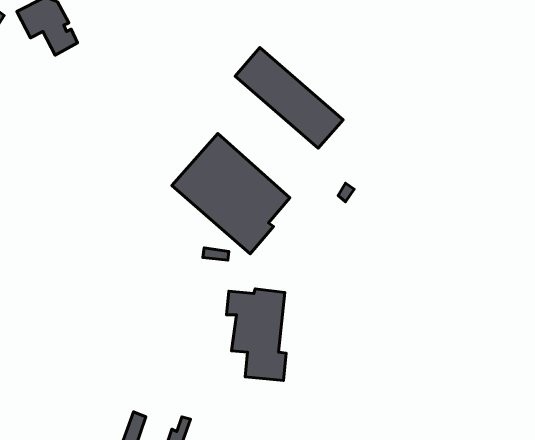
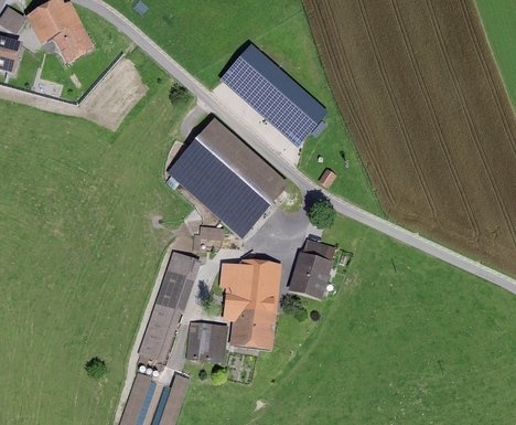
building: none -> [295,243,333,293]
building: none -> [137,255,192,365]
building: none -> [186,323,225,361]

